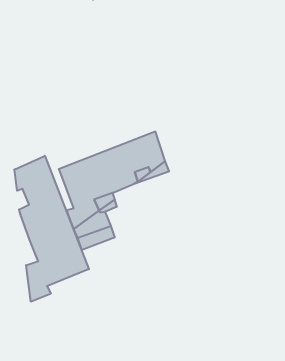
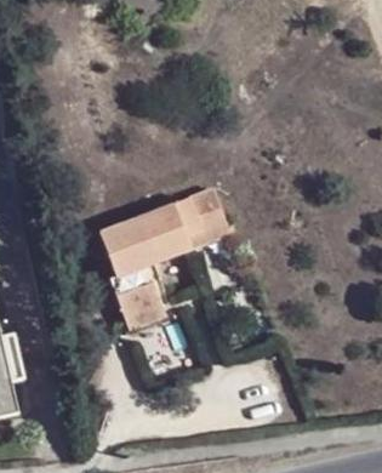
building: [14,156,89,302] -> none

